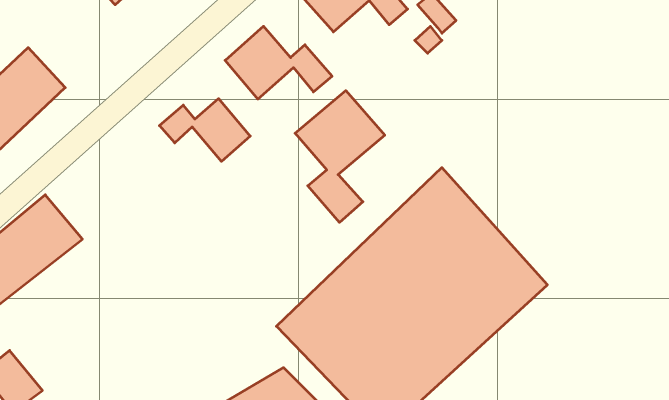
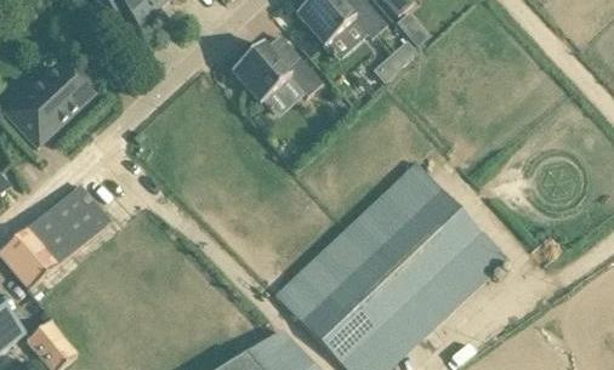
building: [295,91,385,222] -> none
building: [159,99,250,161] -> none

